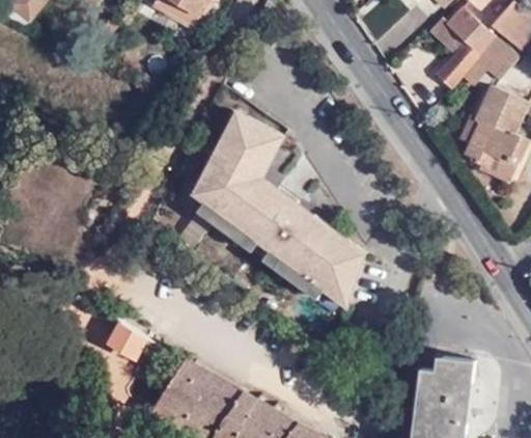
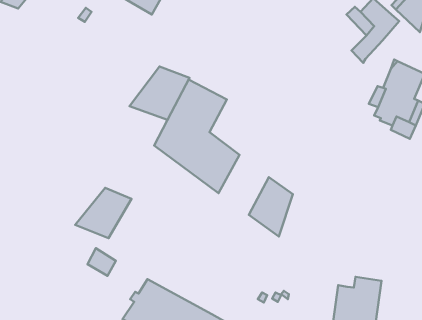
building: [475,38,518,82] -> none
building: none -> [130,66,189,120]
building: [272,204,334,279] -> none
building: none -> [75,188,131,238]

